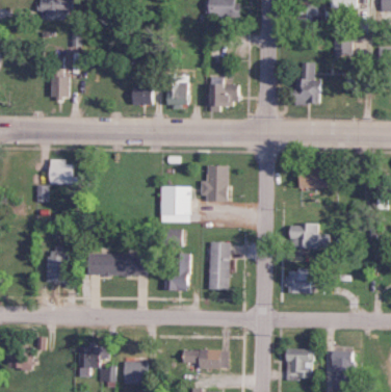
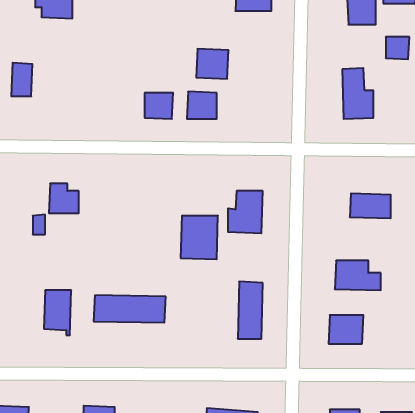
building: [50,69,68,97] -> [11,63,32,96]
building: [212,84,239,109] -> [196,49,229,79]
building: [163,257,189,290] -> none

